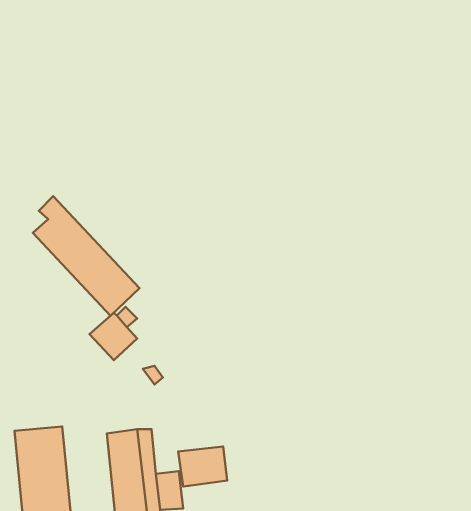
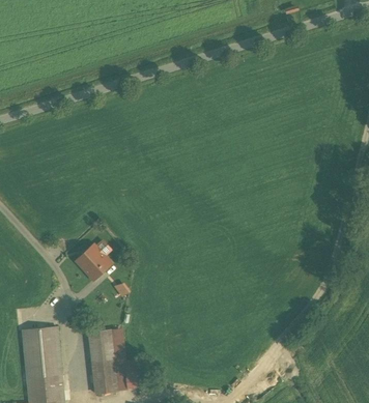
building: [33,196,139,316] -> none
building: [178,446,227,486] -> none

